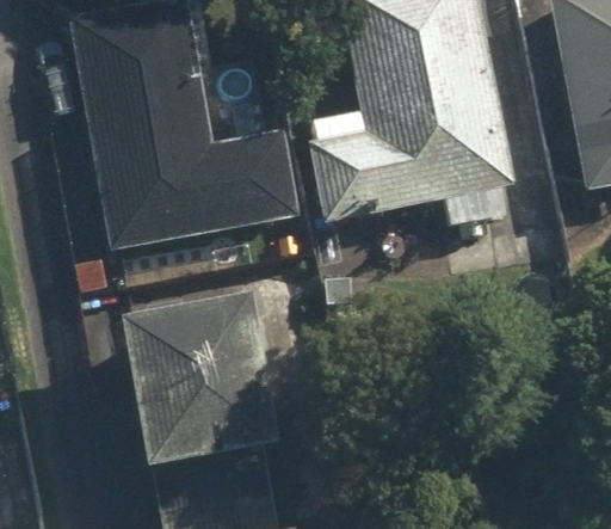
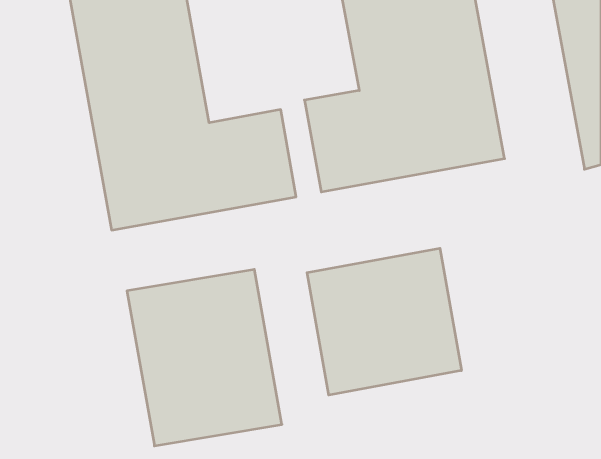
building: none -> [307,248,461,395]

